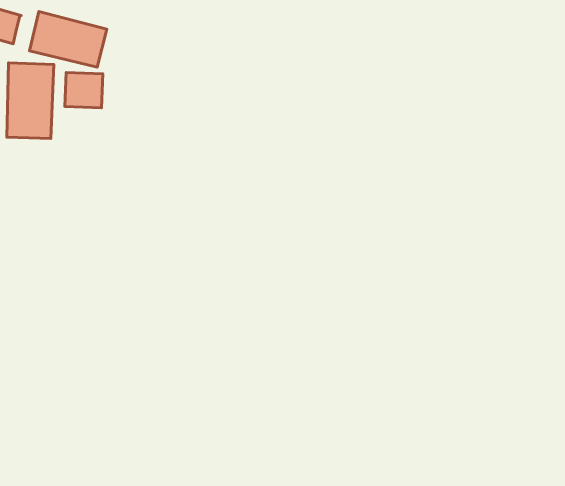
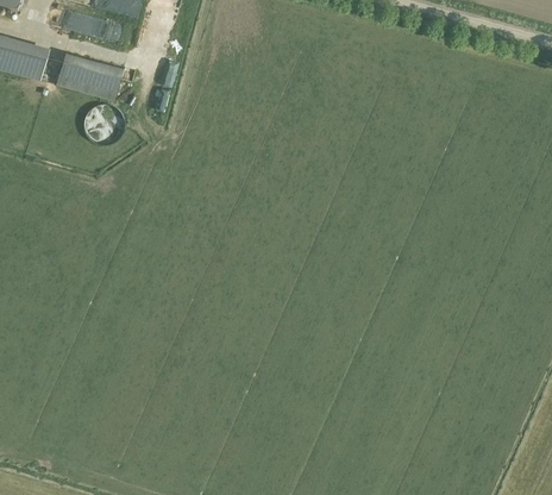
building: [7,63,54,139] -> none

